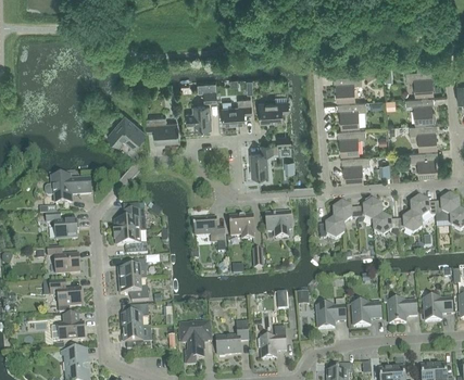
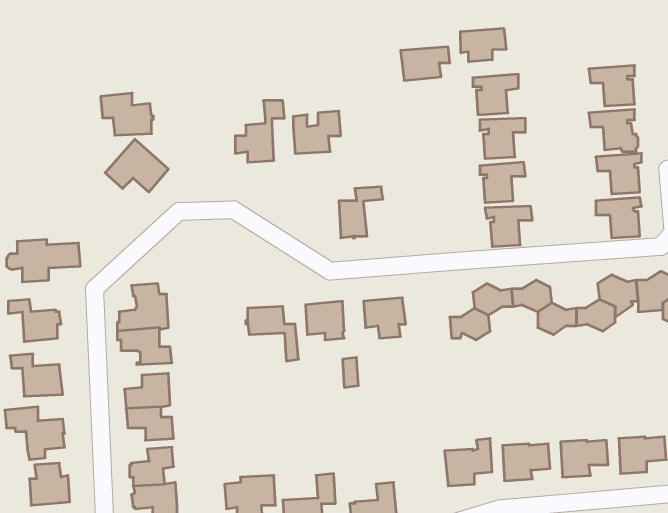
building: none -> [460,28,506,62]
building: [258,100,288,121] -> [401,47,450,80]
building: [146,115,178,141] -> [101,93,153,135]

